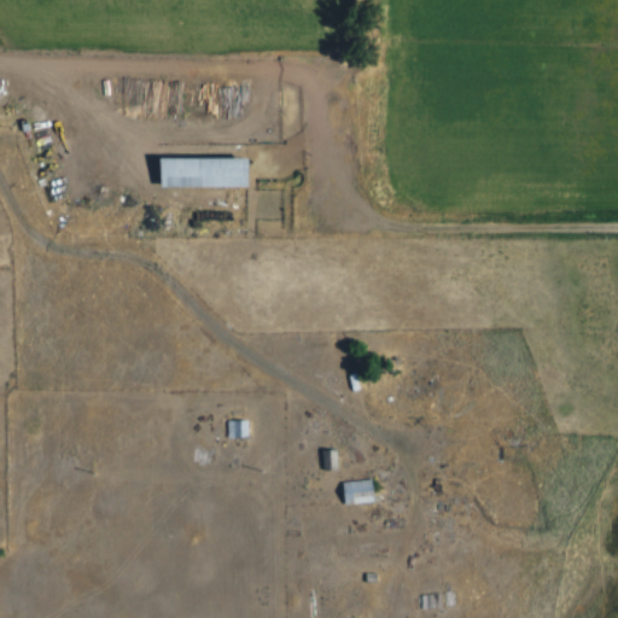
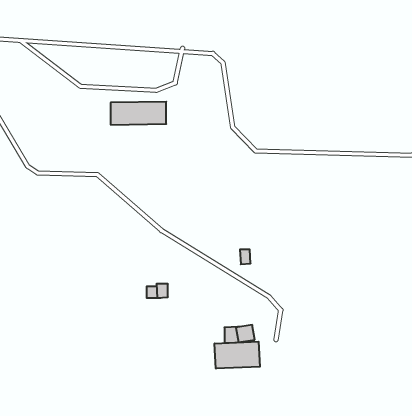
building: none -> [215,342,260,369]

